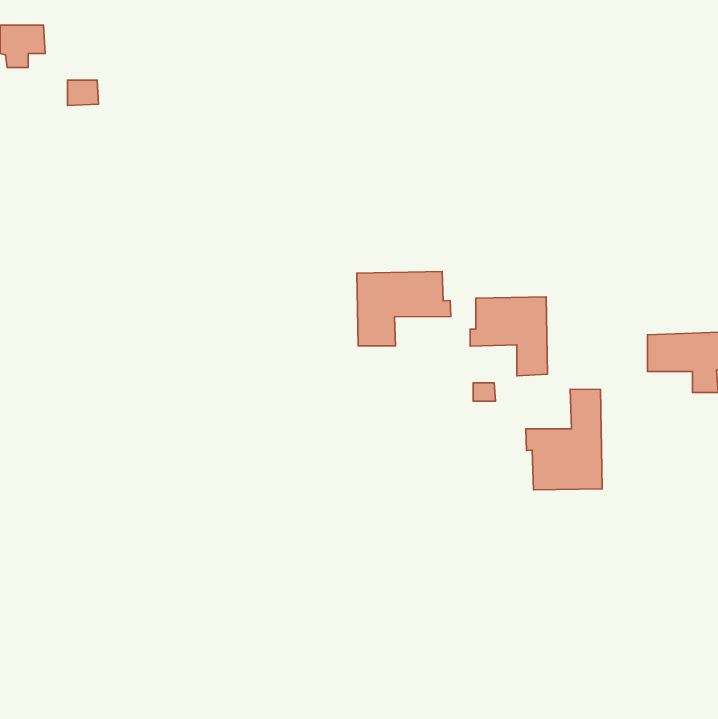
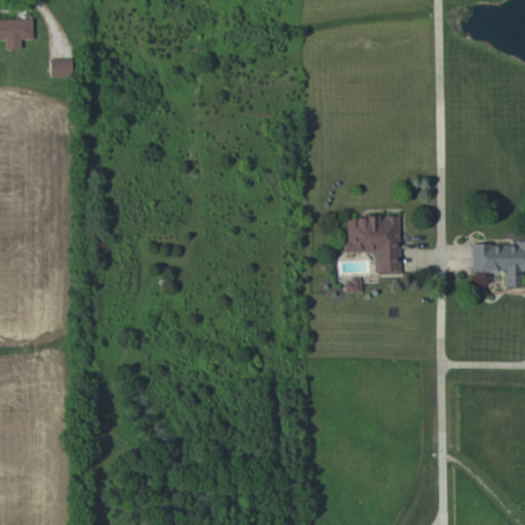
building: [357,272,451,346] -> none
building: [526,389,602,490] -> none

